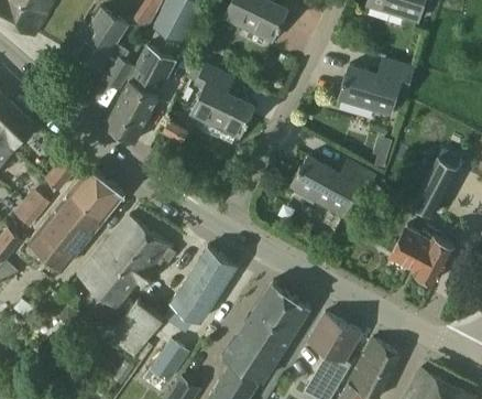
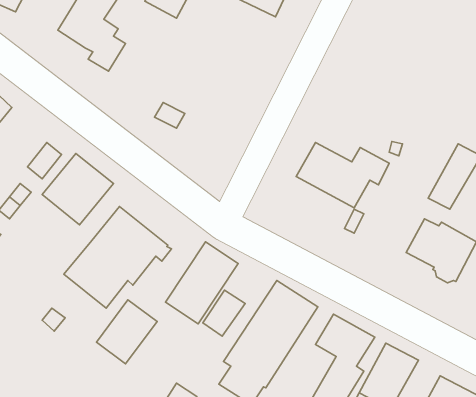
building: [103,48,174,144] -> none
building: [338,61,412,116] -> none
building: [190,66,253,139] -> none
building: [29,205,92,270] -> none
building: [151,339,189,381] -> [203,290,245,336]

